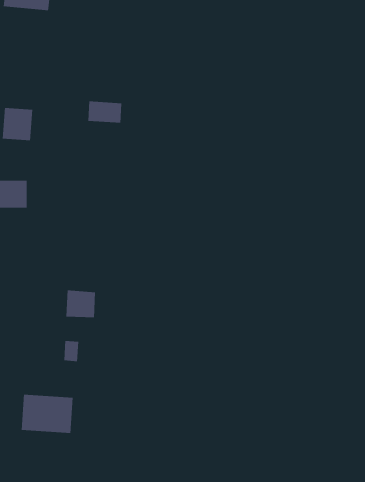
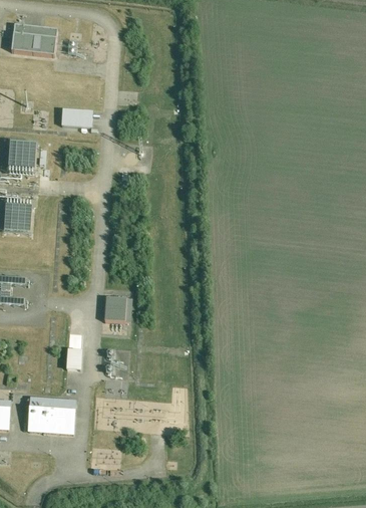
building: [88,101,122,123] -> [60,107,91,128]
building: [66,290,96,318] -> [103,296,130,321]

